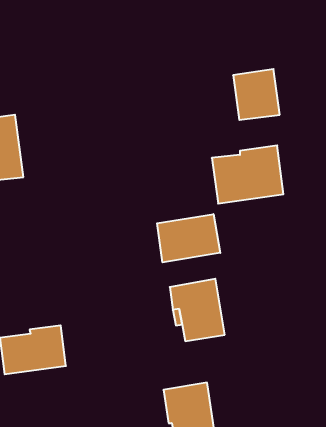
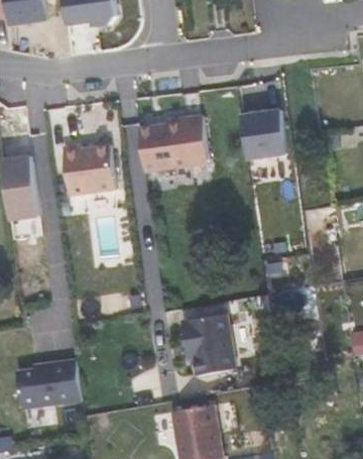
building: none -> [62,143,116,194]
building: [212,145,283,204] -> [137,115,207,171]
building: [157,214,220,262] -> none

